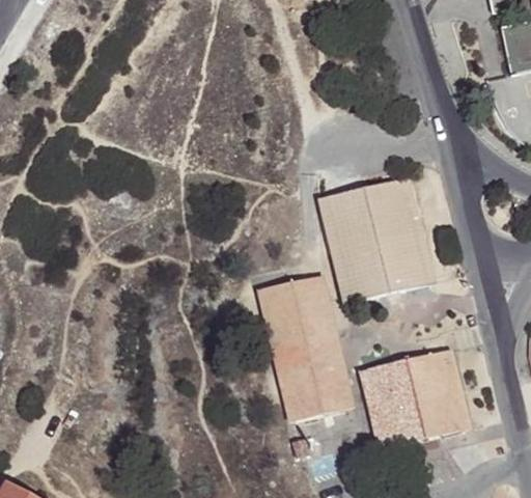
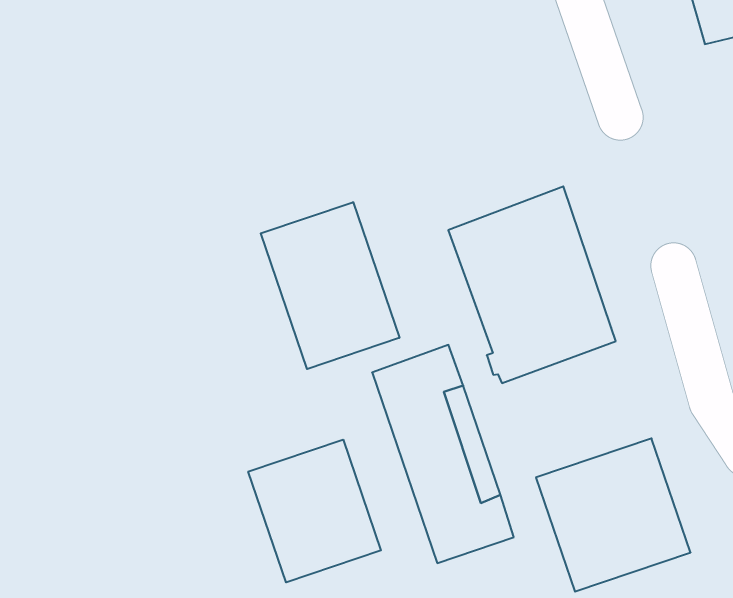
building: none -> [261,202,399,369]
building: none -> [248,440,381,582]

